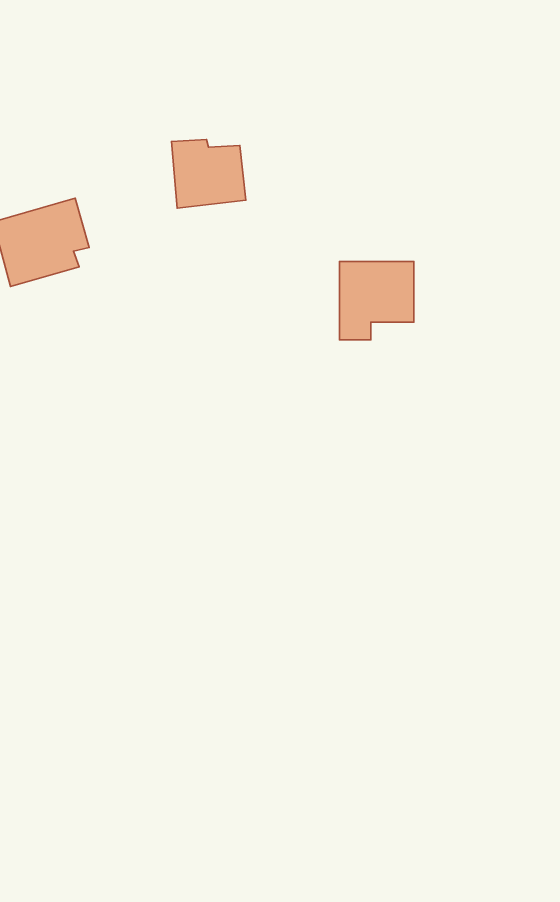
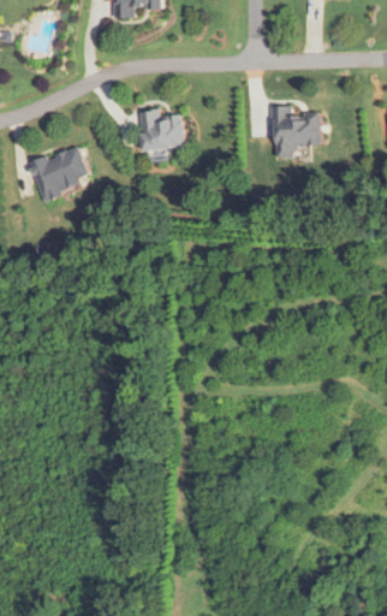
building: [339,261,414,340] -> [274,108,320,156]

